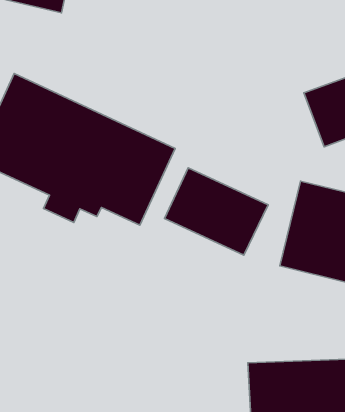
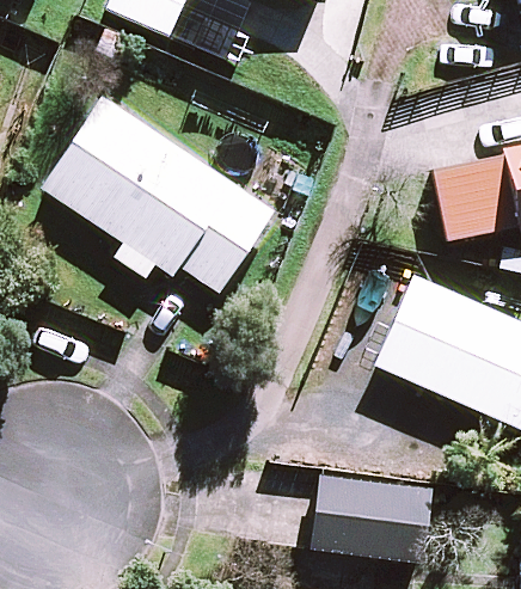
building: [165,168,268,255] -> none

